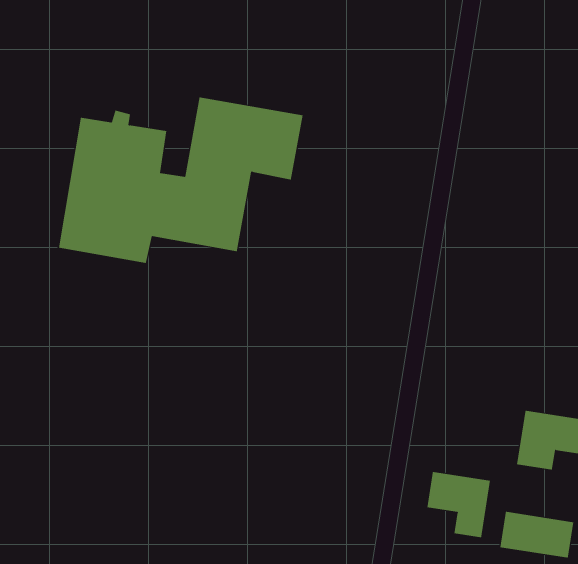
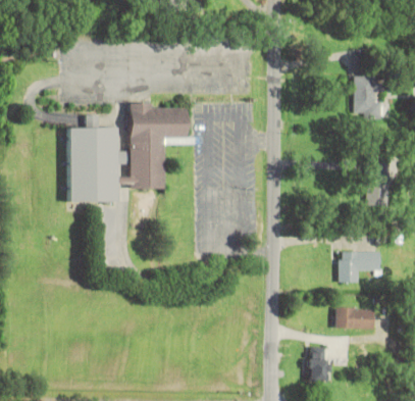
building: [427,471,491,538] -> none

